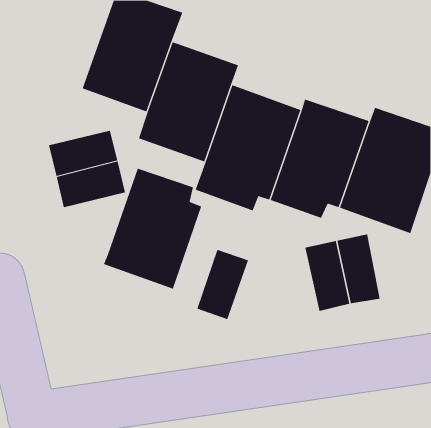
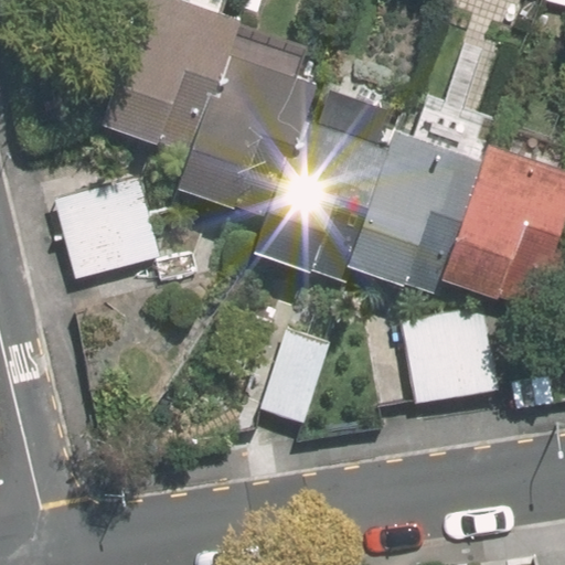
building: [103,168,202,289] -> none

